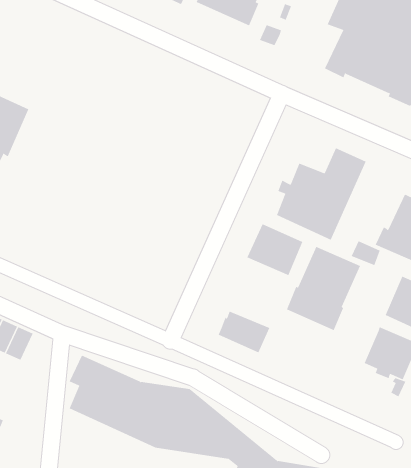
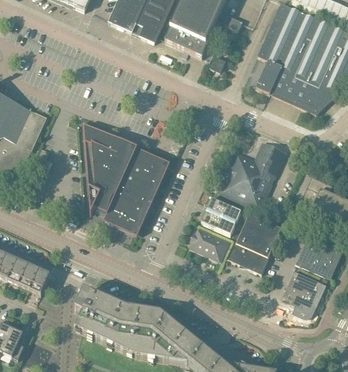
building: none -> [83,122,170,234]
building: [218,311,270,353] -> [191,227,228,257]

